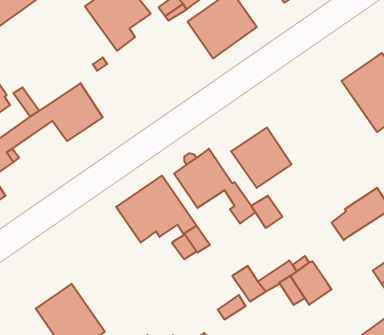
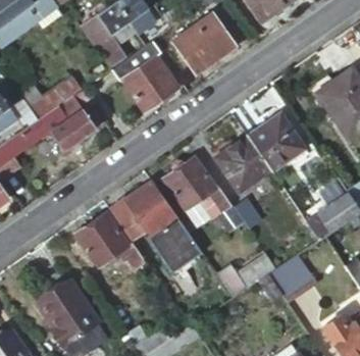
building: none -> [113,41,181,111]
building: none -> [22,78,82,117]
building: none -> [247,113,305,171]
building: none -> [73,212,146,270]

